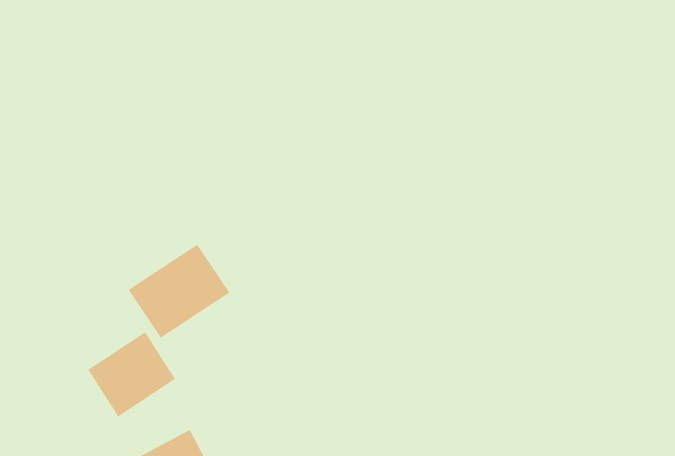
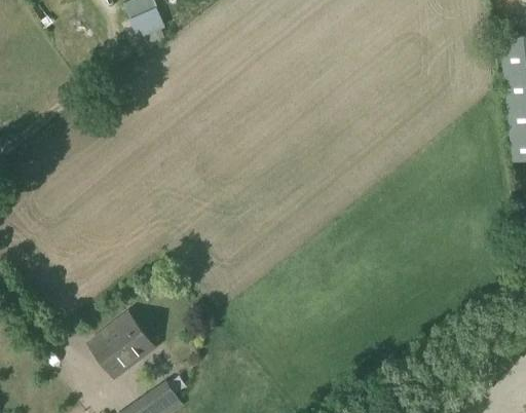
building: [128,244,230,338] -> none

